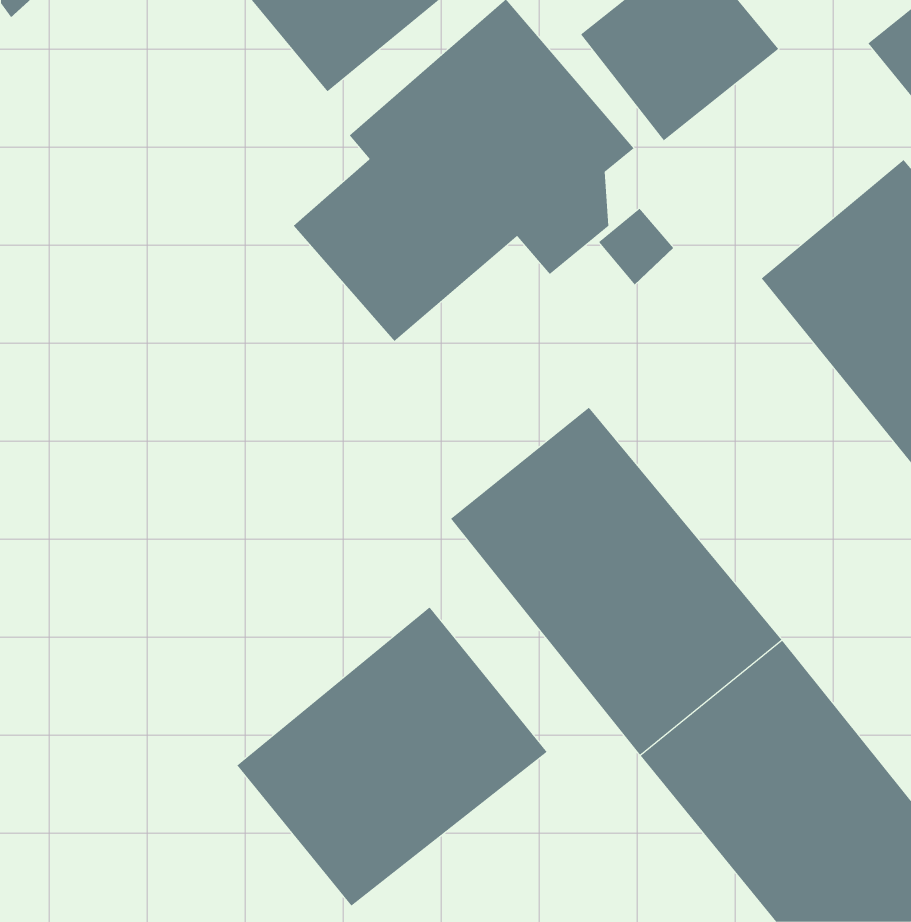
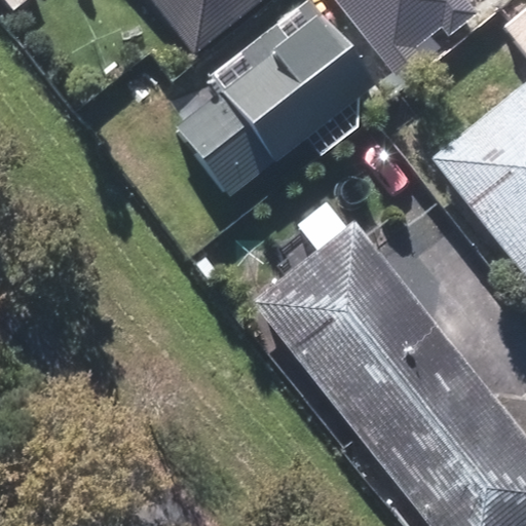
building: [236,607,548,907] -> none

